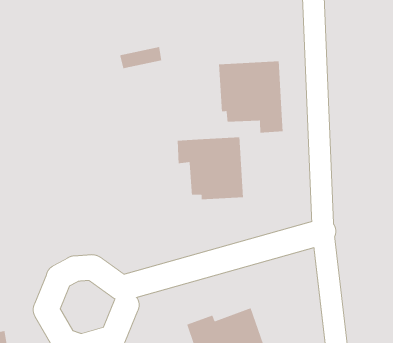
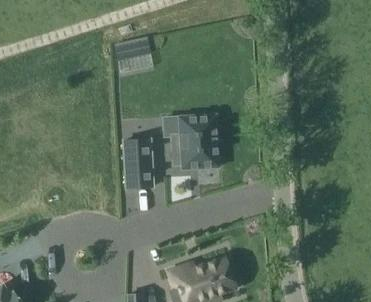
building: [218,61,283,133] -> none
building: none -> [123,139,153,188]

